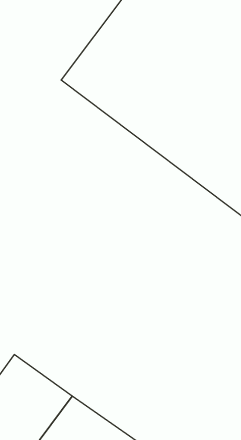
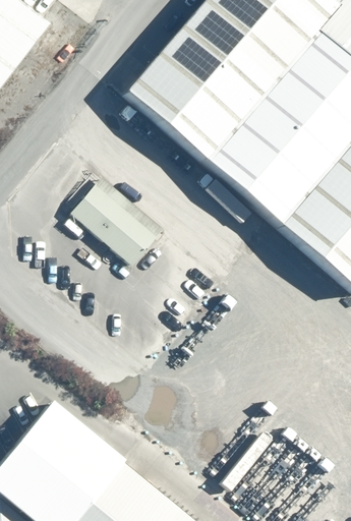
building: none -> [73,176,168,267]

